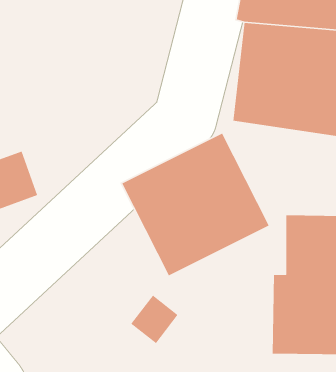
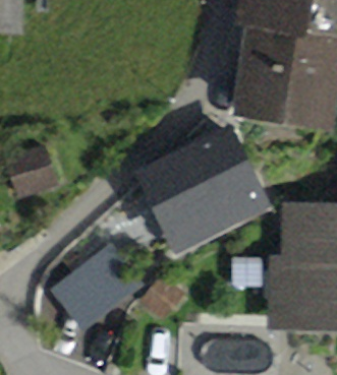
building: none -> [66,236,153,319]

